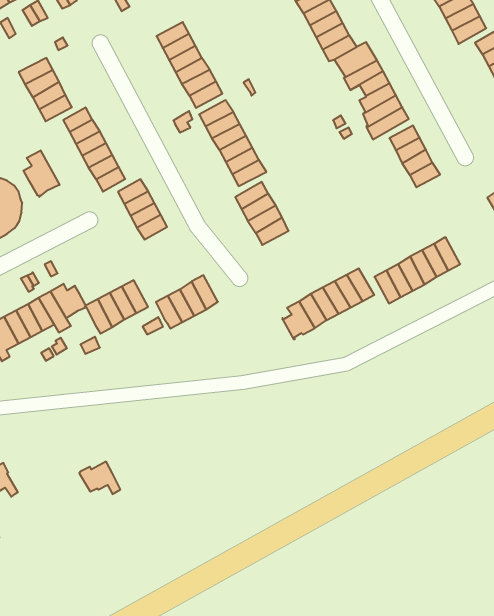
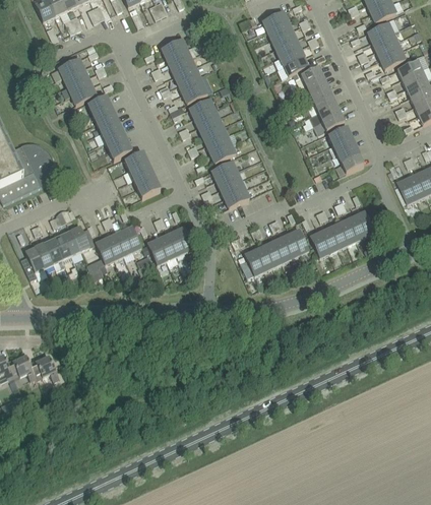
building: [23,150,60,197] -> none
building: [79,462,120,494] -> [28,355,58,379]

